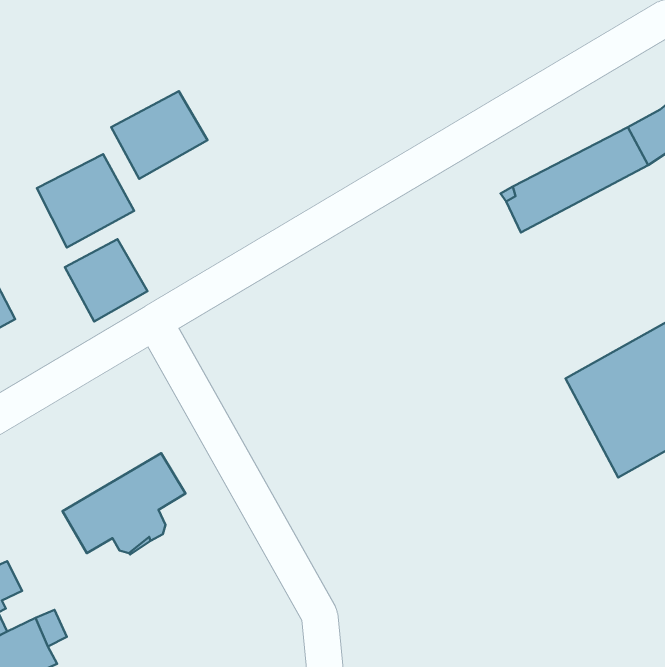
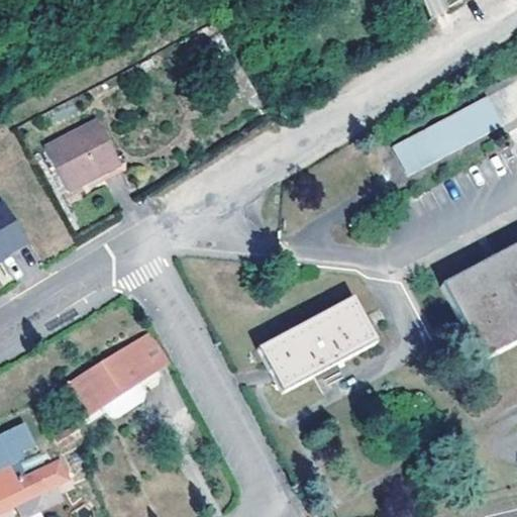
building: [111,91,208,179] -> none
building: [65,239,147,322] -> none
building: none -> [258,297,377,392]

